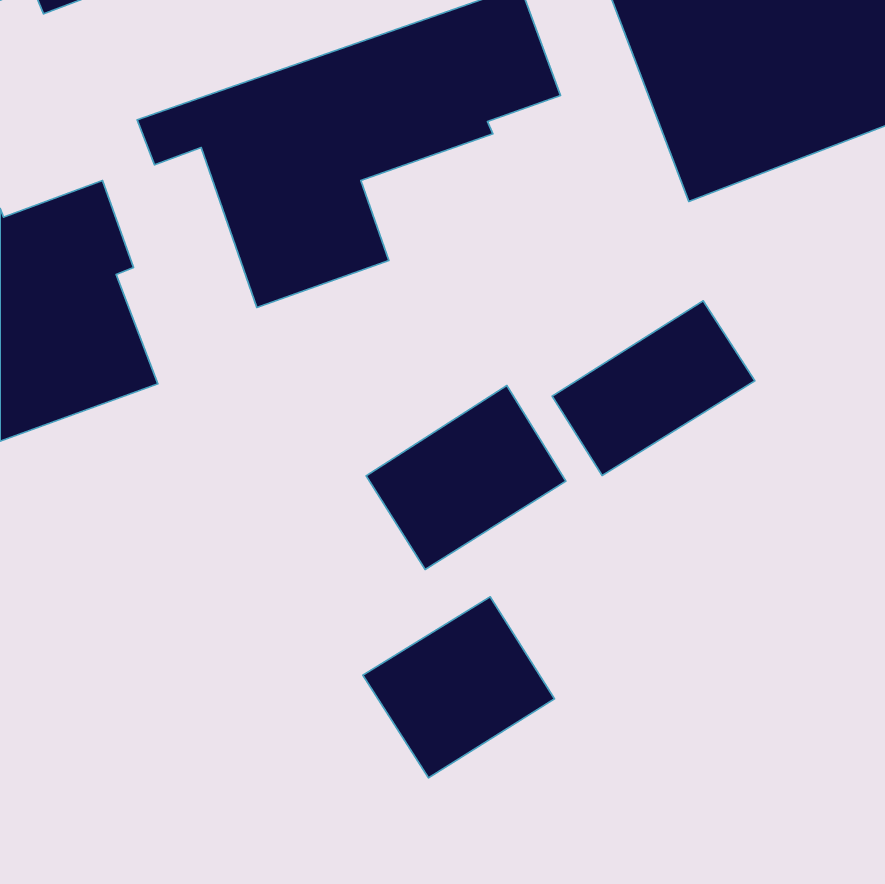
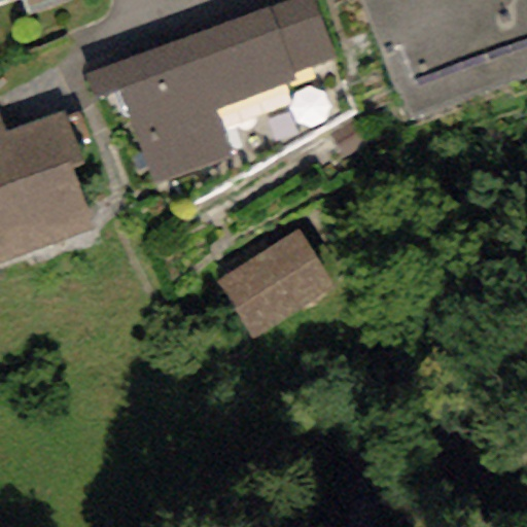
building: [552,301,755,476] -> none
building: [363,597,554,778] -> none

